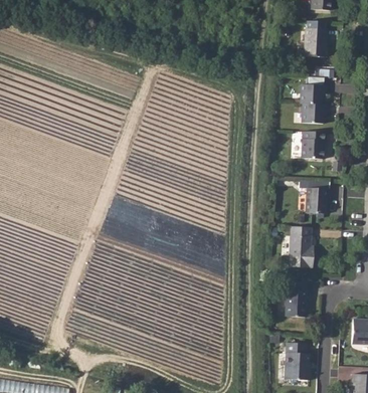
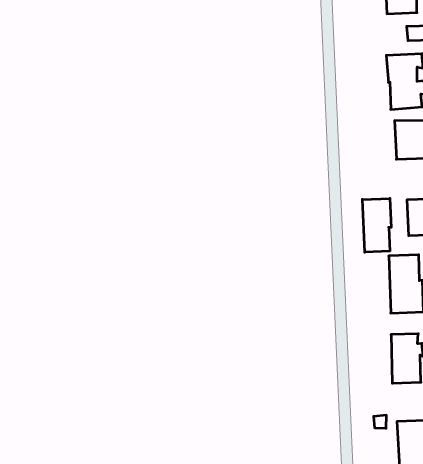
building: none -> [362,198,391,252]

